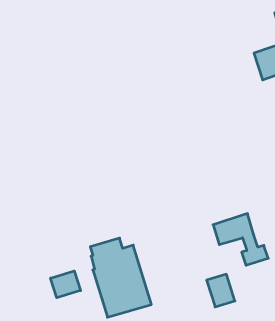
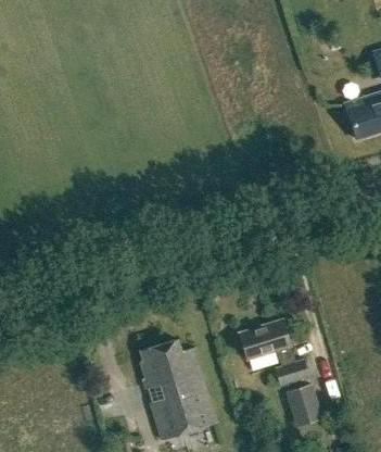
building: [213,214,268,265] -> [239,321,308,386]
building: [51,271,81,298] -> none

